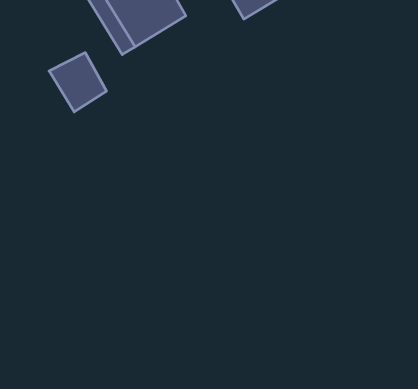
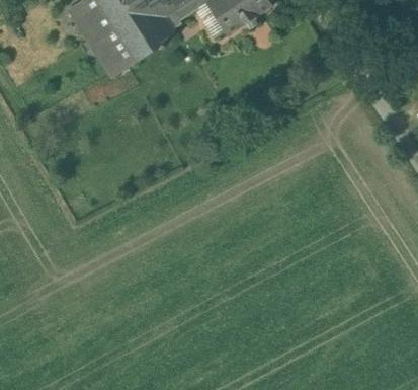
building: [49,53,106,112] -> none

